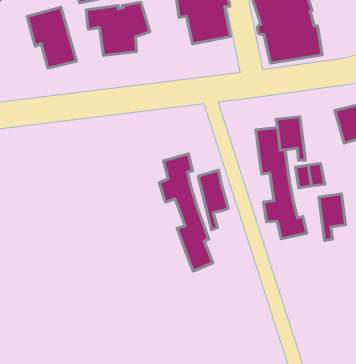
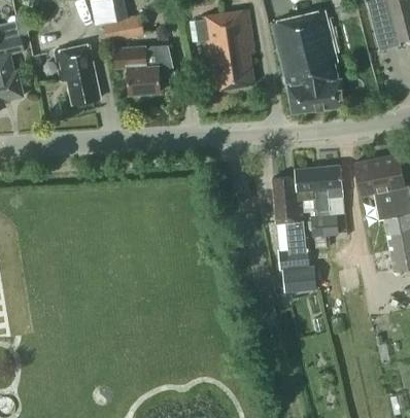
building: [159,154,213,271] -> none
building: [198,170,228,230] -> none
building: [319,194,345,241] -> [318,165,343,210]

